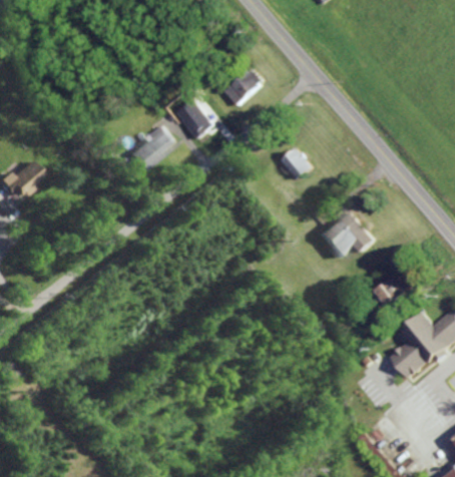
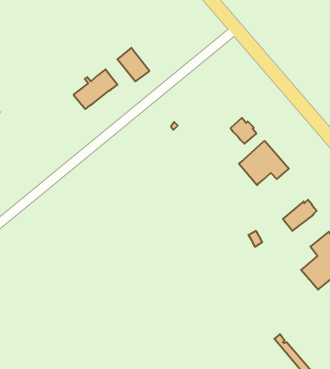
building: [223,70,262,105] -> none
building: [281,148,311,178] -> [231,118,256,144]

